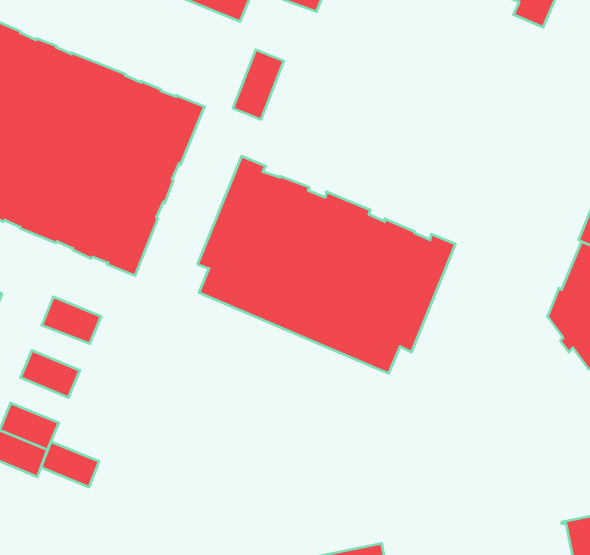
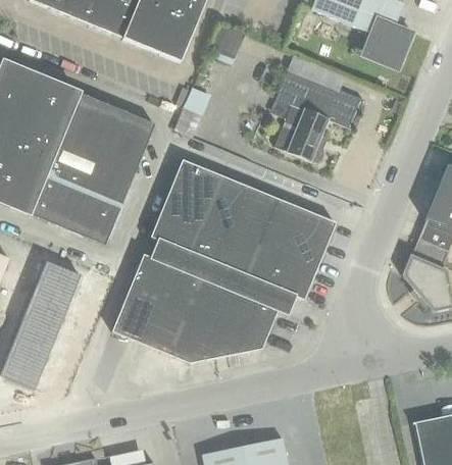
building: none -> [274,67,363,162]
building: none -> [112,254,278,363]
building: none -> [31,280,72,313]
building: [41,442,99,487] -> [15,318,57,351]

